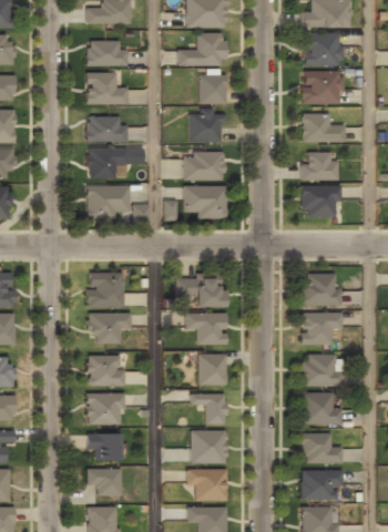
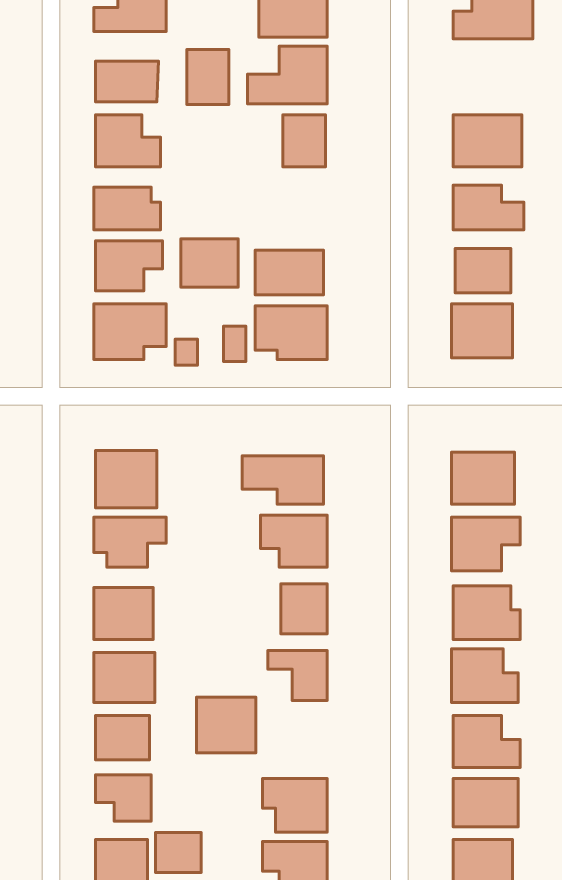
building: [302,33,341,66] -> none
building: none -> [187,49,229,104]
building: [188,113,223,142] -> [181,239,238,287]
building: [191,430,226,463] -> [197,697,256,753]
building: none -> [155,833,201,872]

